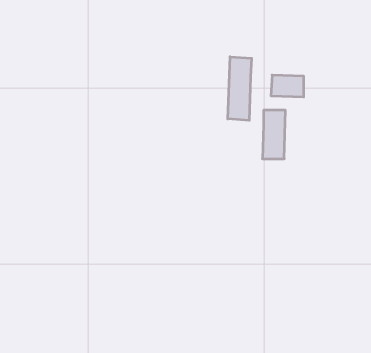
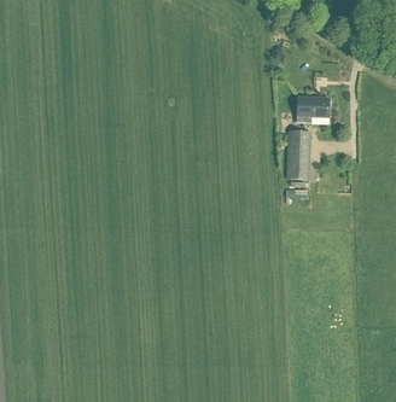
building: [228,57,252,120] -> none

